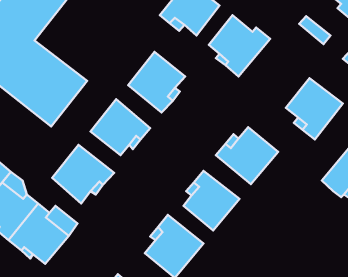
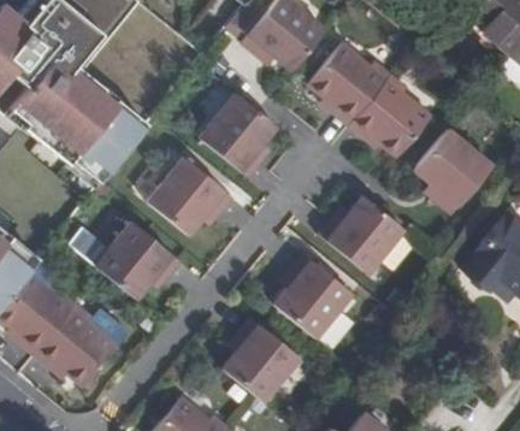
building: none -> [350,73,431,154]

